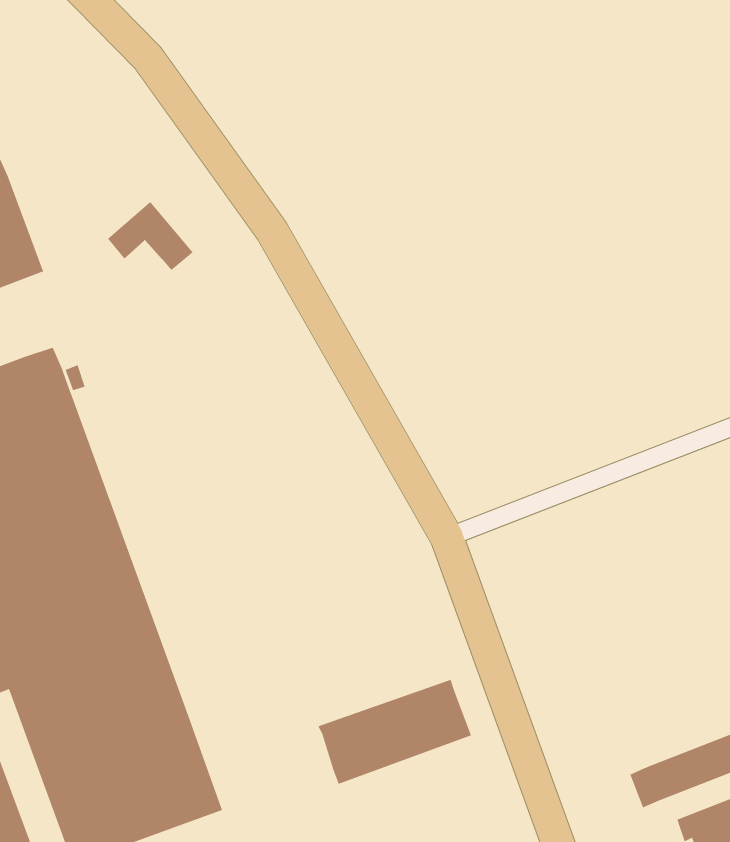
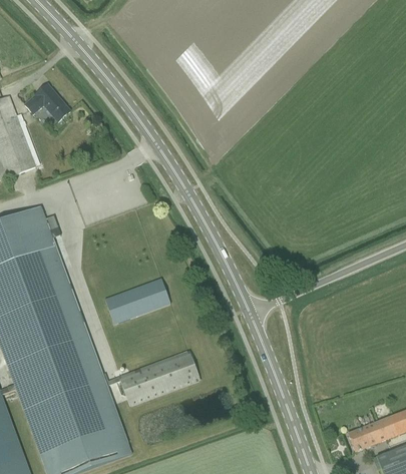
building: [107,201,194,271] -> [24,83,70,120]
building: none -> [105,277,170,324]
building: [318,679,472,784] -> [118,350,200,406]

